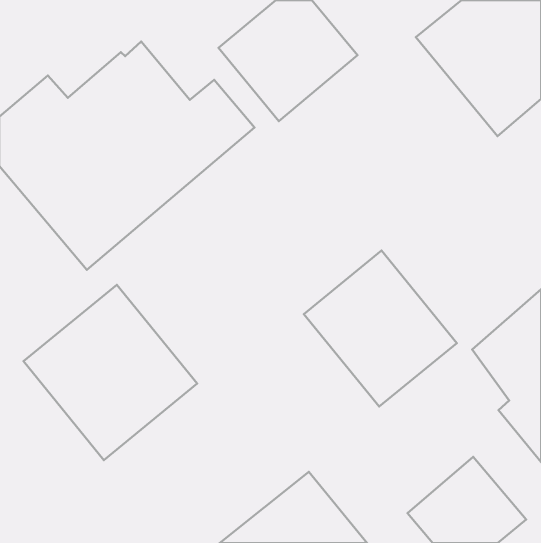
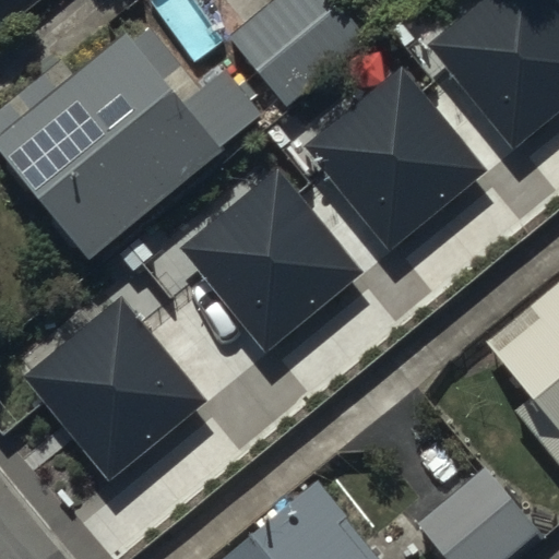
building: none -> [305,62,485,242]
building: none -> [181,164,360,344]
building: [304,251,457,407] -> none

